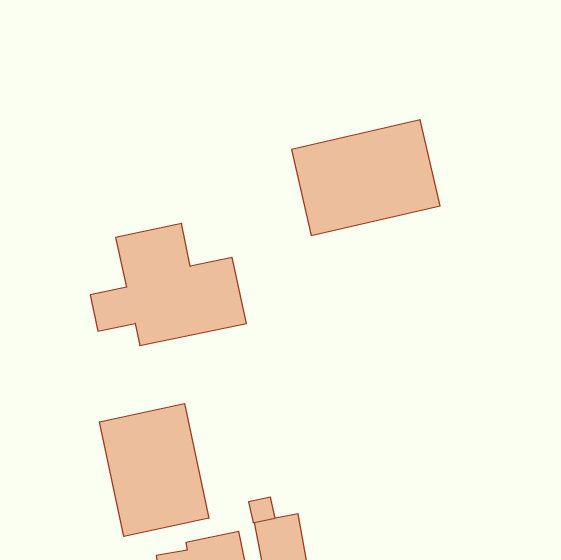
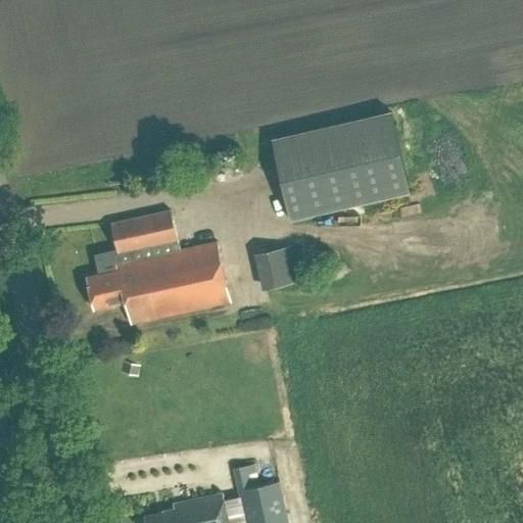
building: none -> [257,246,300,290]
building: [100,404,209,536] -> none

